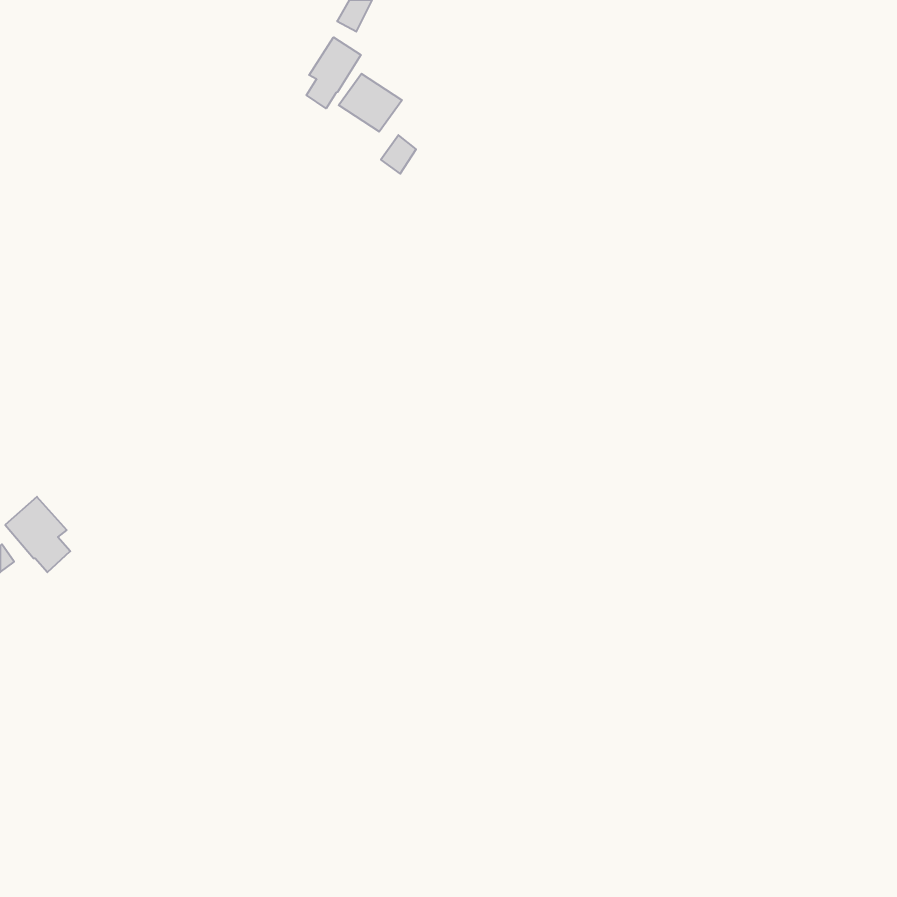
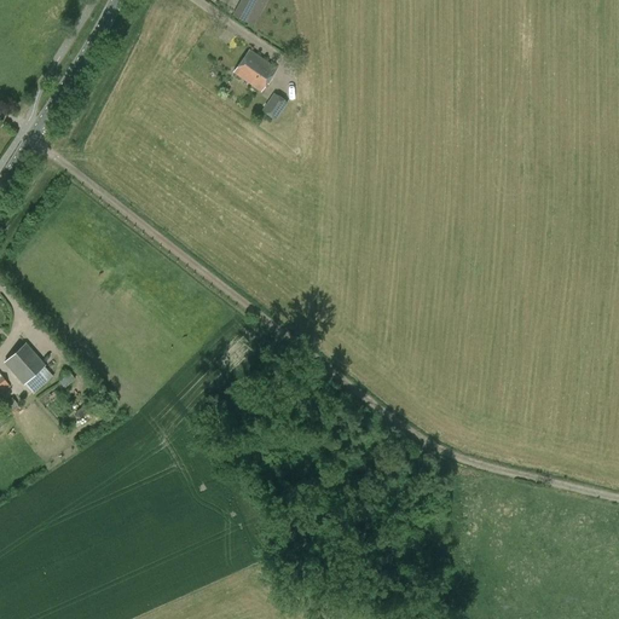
building: [306,37,361,108] -> none

